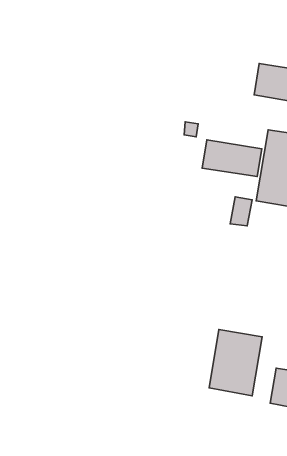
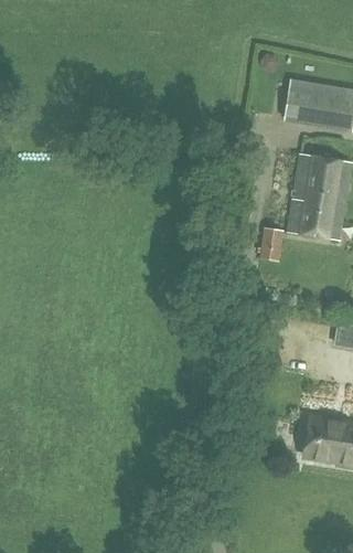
building: [202,140,262,177] -> none
building: [209,330,262,396] -> none

